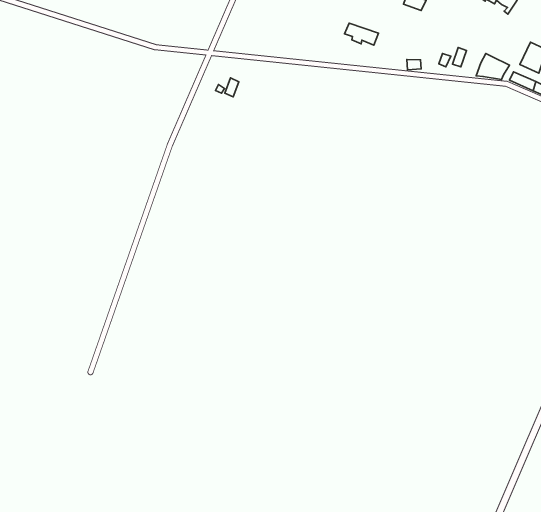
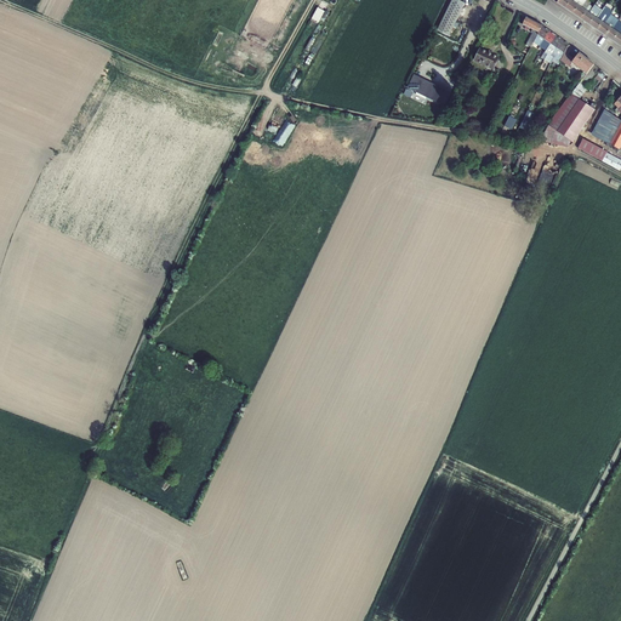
building: none -> [556,95,594,132]

